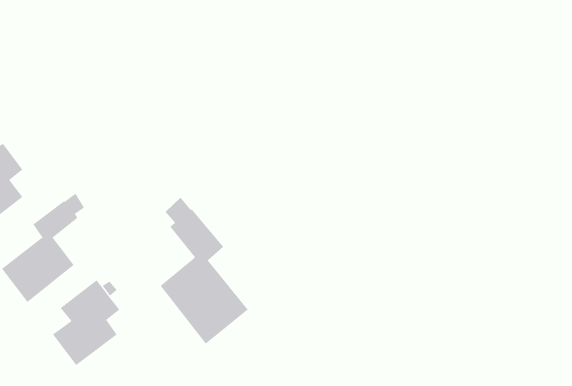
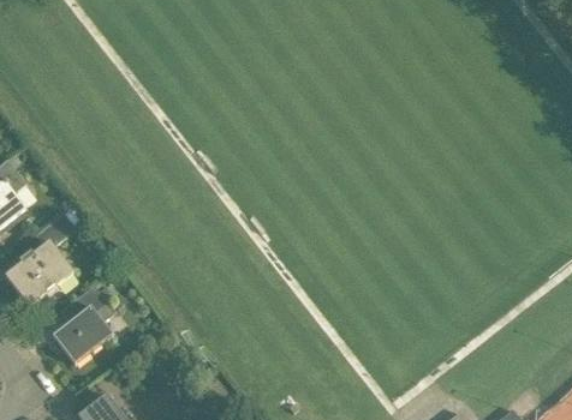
building: [160,197,249,345] -> none

